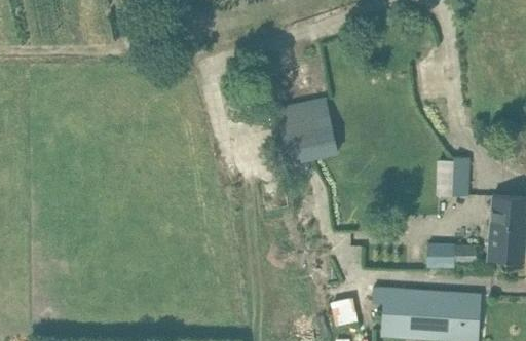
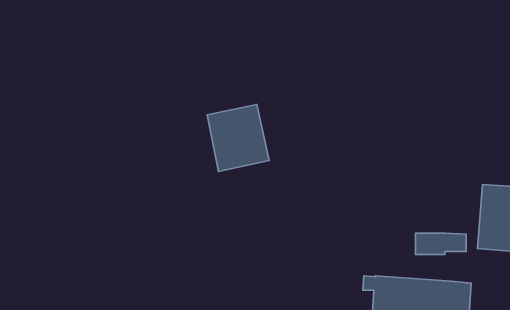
building: [272,97,335,164] -> [207,105,269,172]
building: [451,157,469,196] -> none

